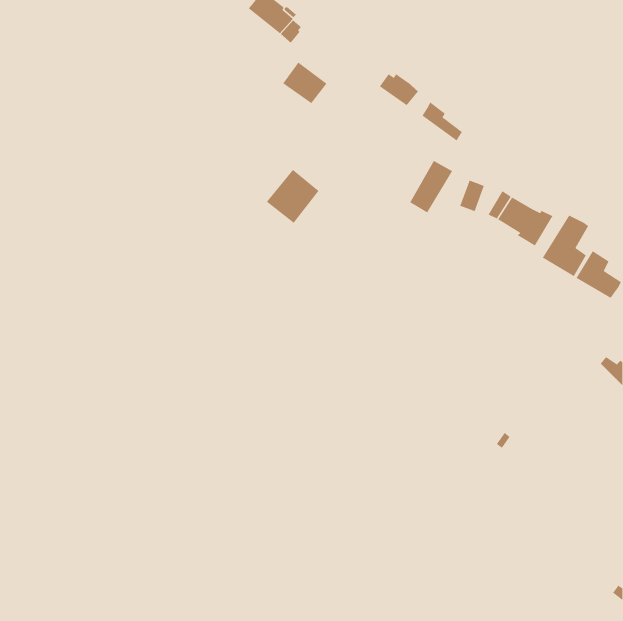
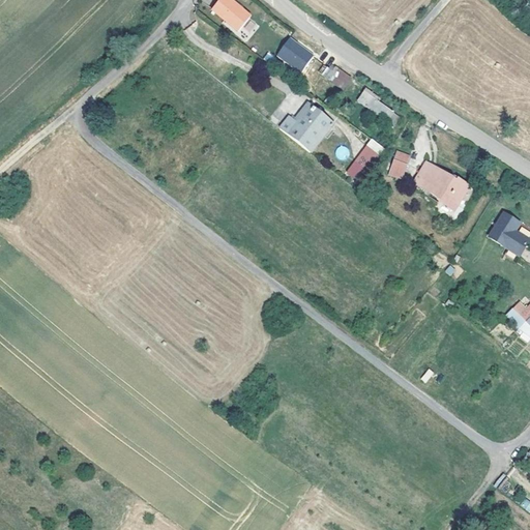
building: [282,61,327,104] -> [274,34,313,70]
building: [266,169,320,224] -> [286,105,331,151]
building: [542,214,589,277] -> none

